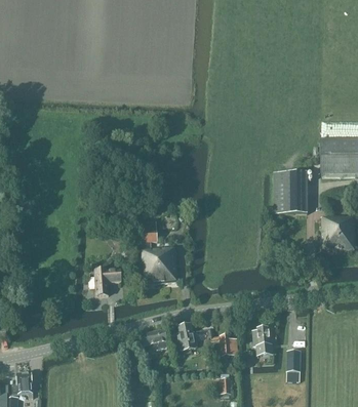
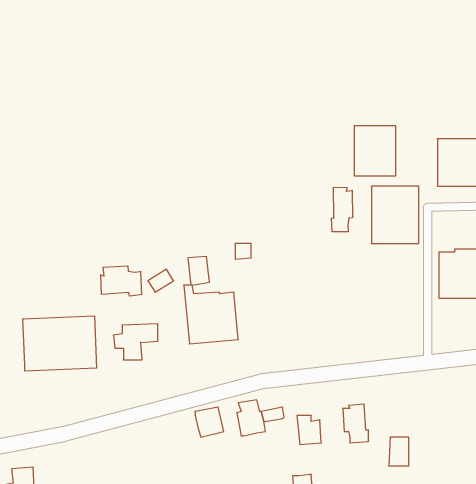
building: none -> [355,126,395,176]
building: none -> [331,187,352,232]
building: none -> [101,266,142,296]
building: none -> [23,316,97,371]

